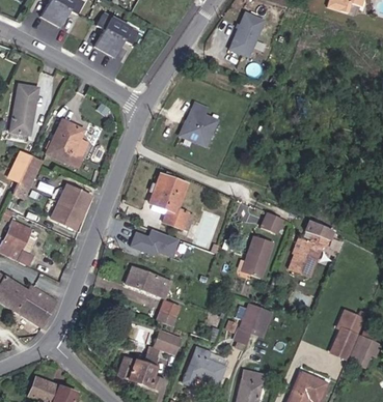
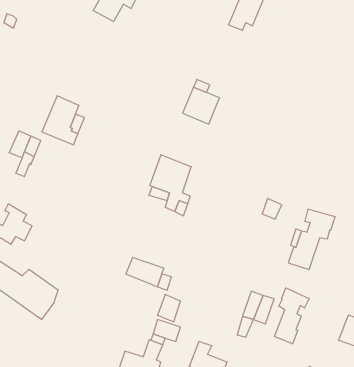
building: [12,82,36,136] -> none
building: [50,183,89,228] -> none
building: [135,228,184,257] -> none
building: [244,237,270,278] -> none
building: none -> [275,288,309,344]

